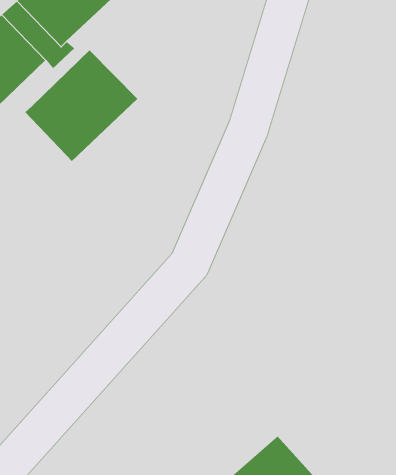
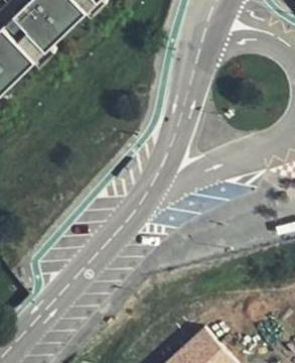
building: [25,49,138,162] -> none

